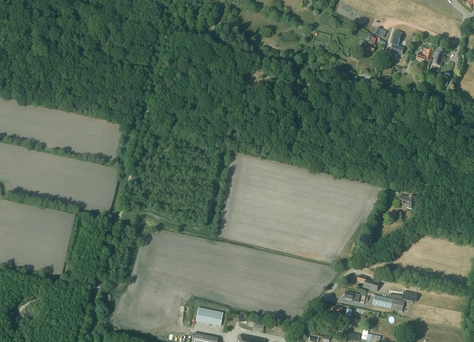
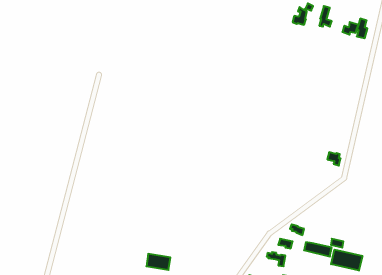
building: none -> [331,250,362,271]

